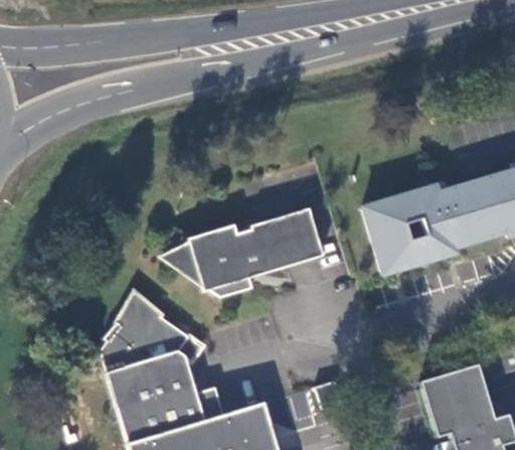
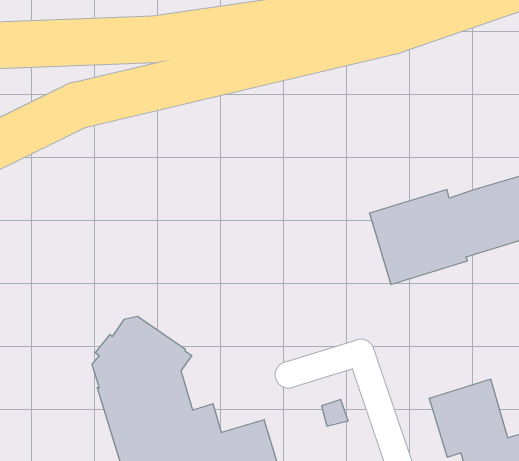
building: [159,207,324,297] -> none

